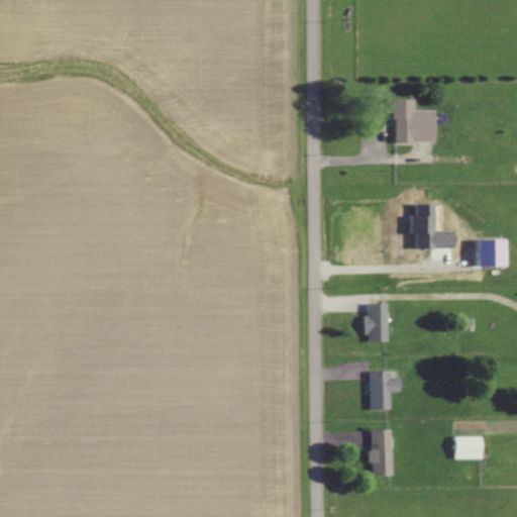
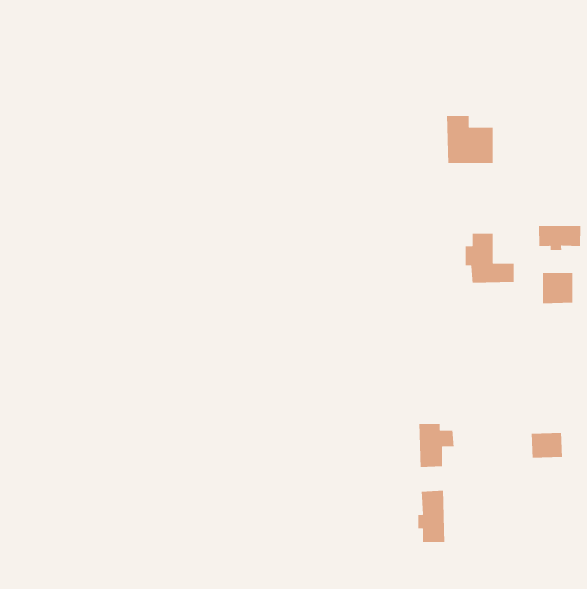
building: none -> [538,225,581,251]
building: [365,303,388,341] -> none
building: [453,436,482,459] -> [531,432,563,459]

